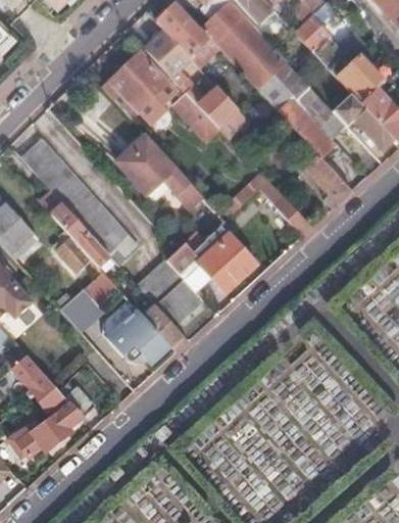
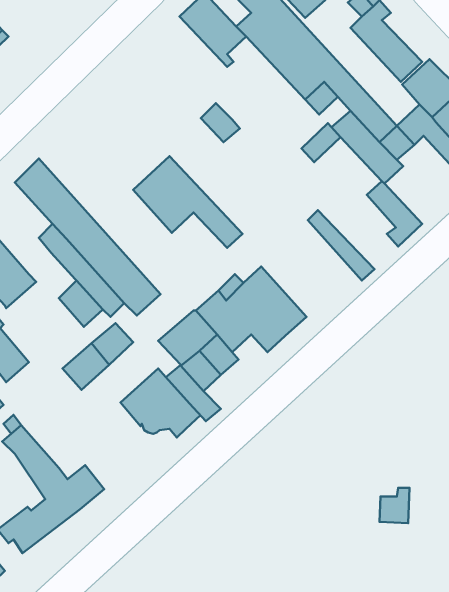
building: [144,34,188,77] -> none
building: [104,54,168,117] -> none
building: [198,88,238,128] -> none

